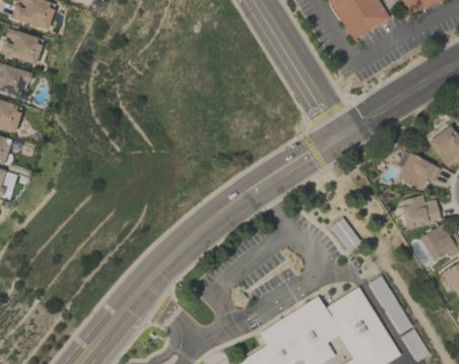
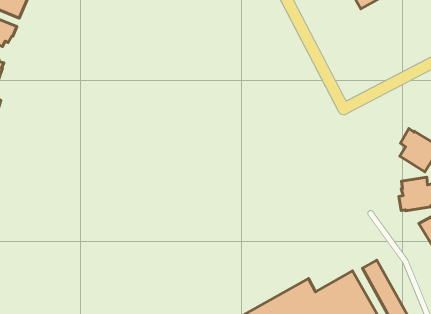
building: [331,218,360,250] -> none

